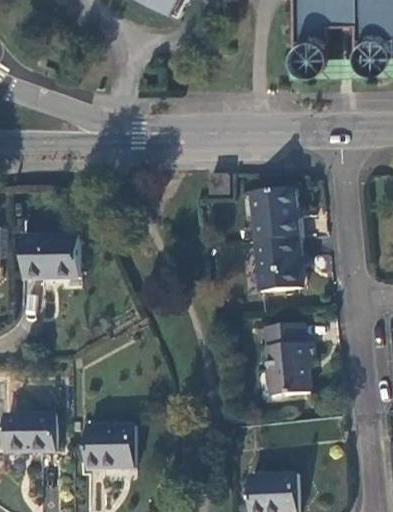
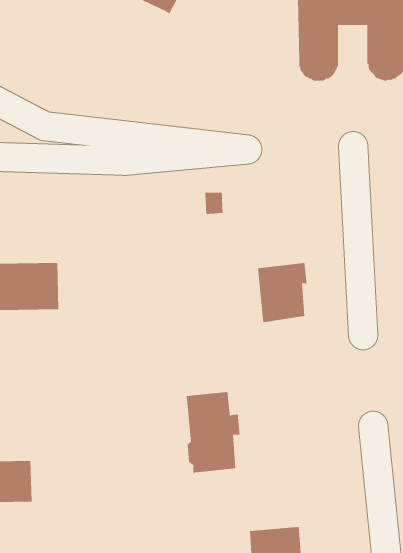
building: [255,187,300,241] -> none
building: [265,320,314,393] -> [186,391,241,473]
building: [86,426,133,468] -> none

